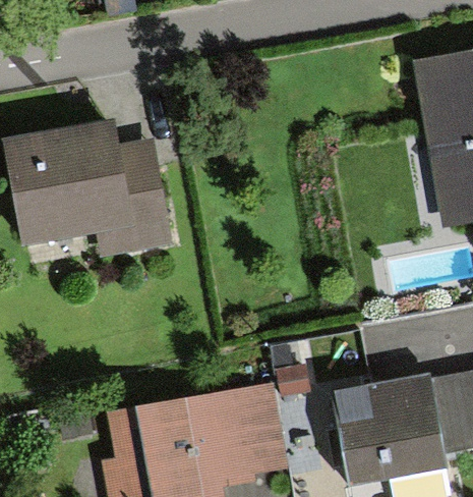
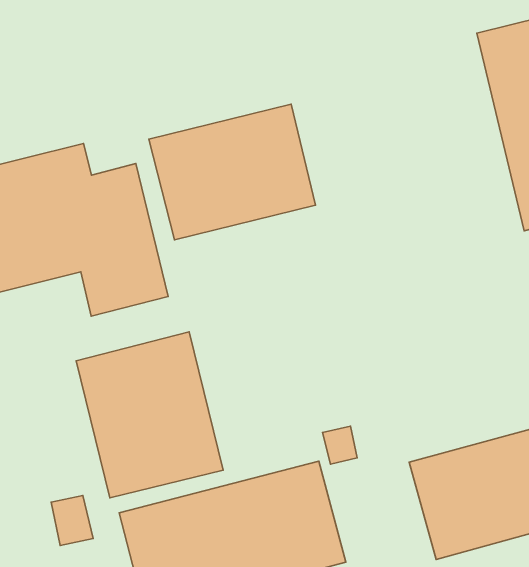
building: none -> [149,104,315,240]
building: none -> [76,332,223,498]

